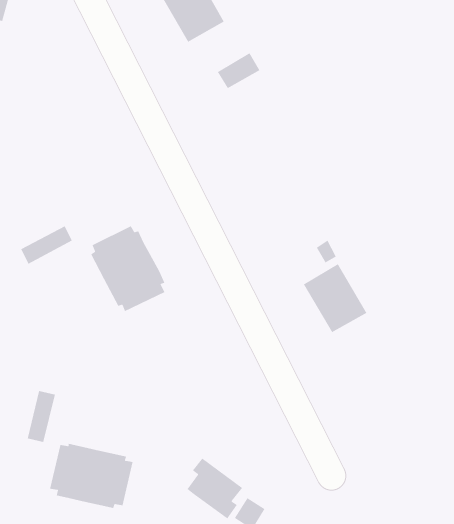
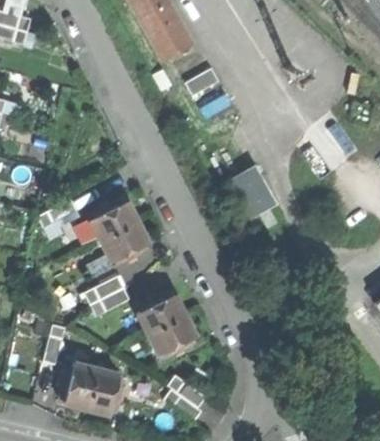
building: [303,263,367,333] -> [228,165,277,218]
building: none -> [84,276,129,316]
building: none -> [138,291,194,357]

